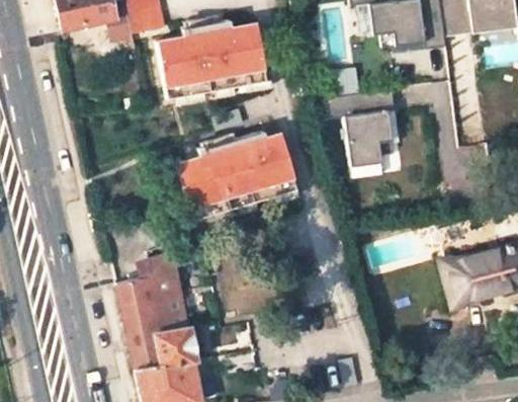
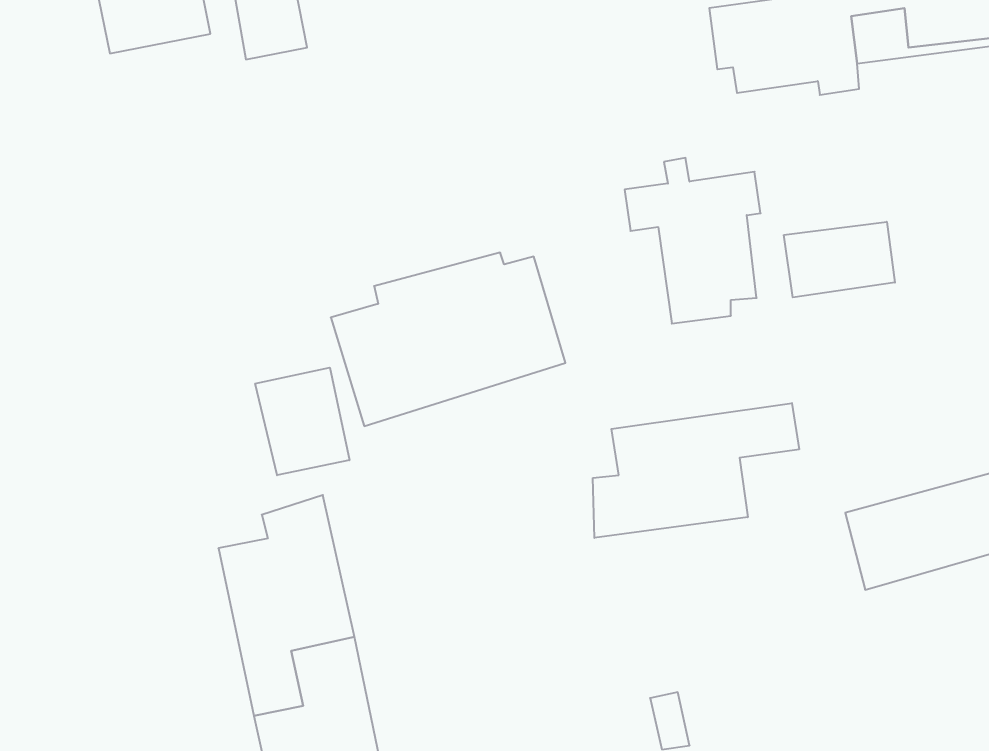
building: [156,20,265,100] -> none
building: none -> [784,222,895,297]
building: none -> [255,368,349,475]
building: none -> [593,403,799,538]

